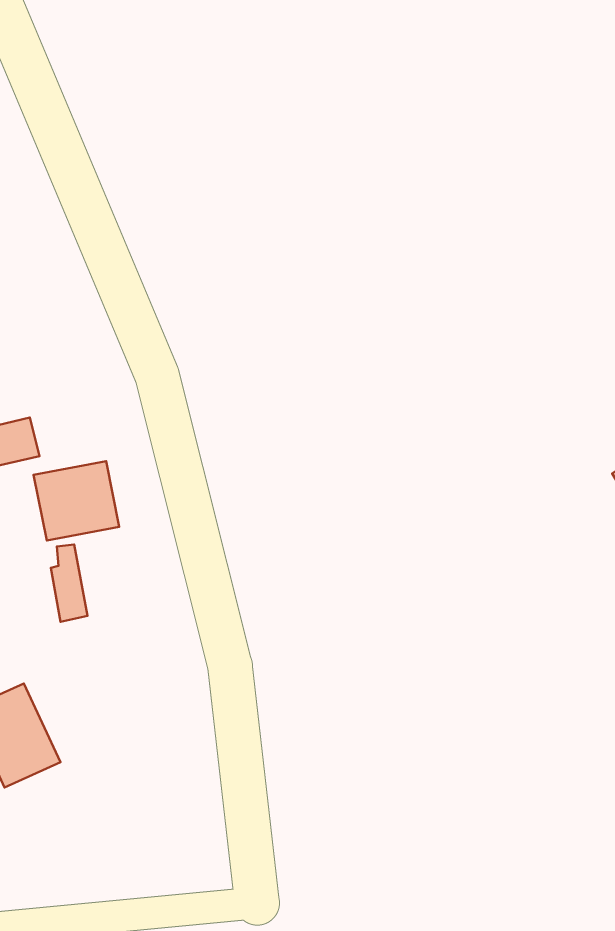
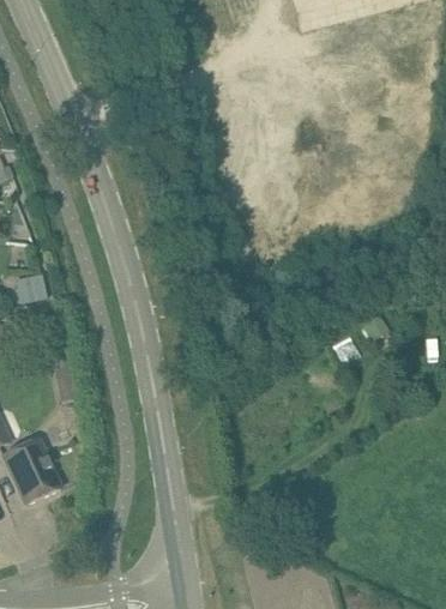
building: [34,461,119,540] -> none

